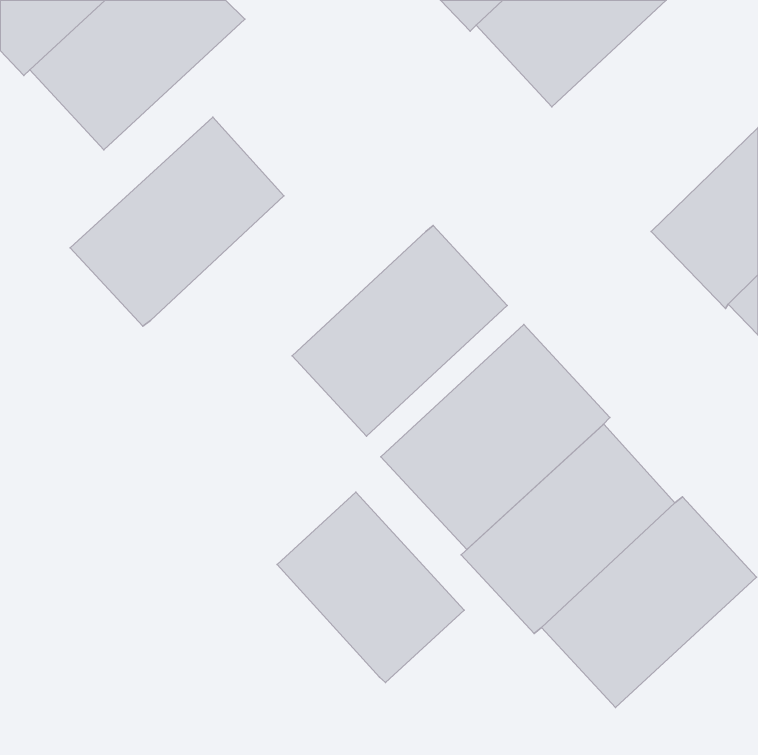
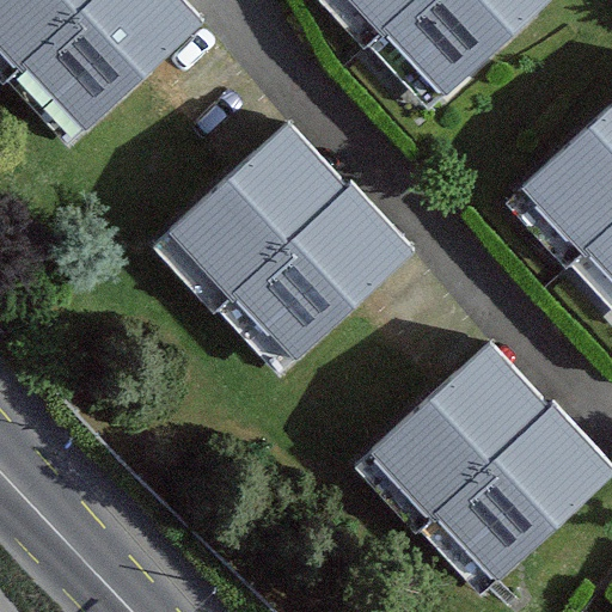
building: [70,117,284,326] -> [171,126,343,294]
building: [381,325,610,550] -> none
building: [277,492,464,683] -> none

